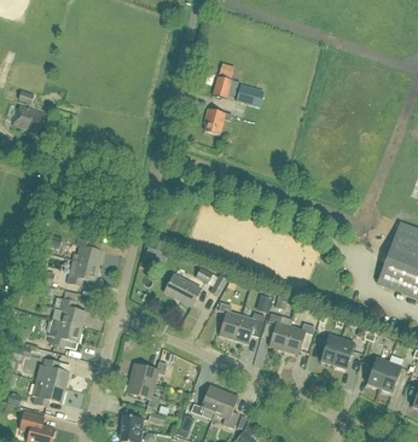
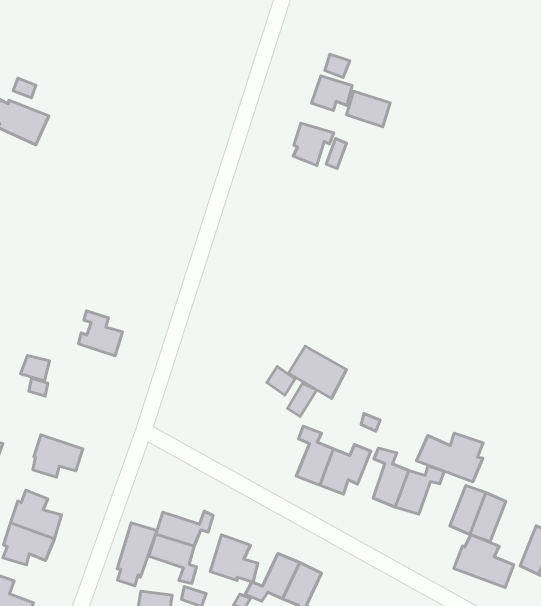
building: [65,258,97,284] -> none
building: [164,274,202,307] -> [288,346,347,398]
building: [52,296,83,326] -> none
building: none -> [416,433,483,482]
building: none -> [454,535,514,587]
building: none -> [117,523,157,586]
building: none -> [210,535,258,582]

